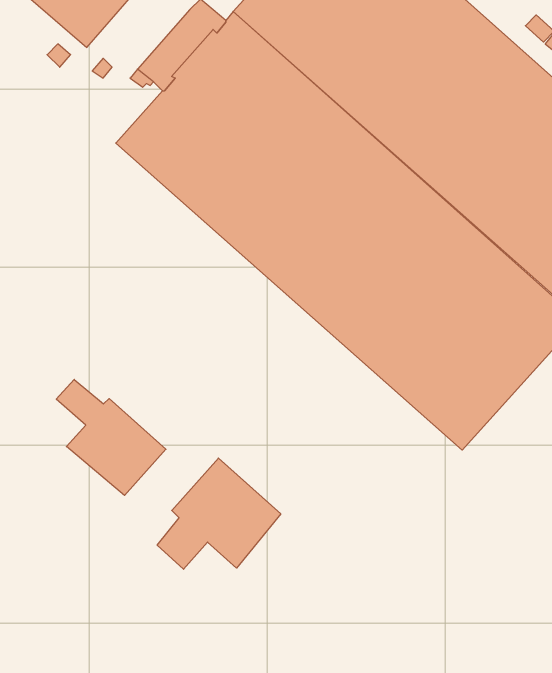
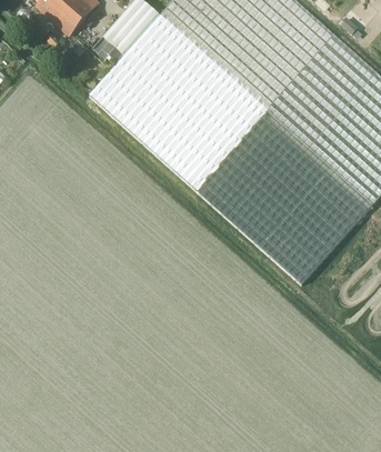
building: [56,379,166,495] -> none
building: [157,458,281,569] -> none

